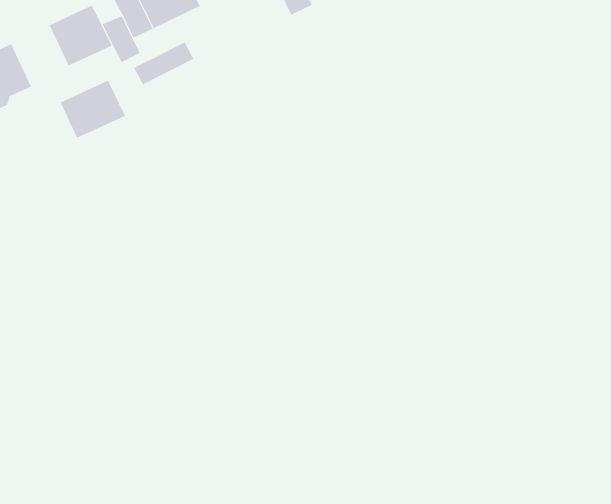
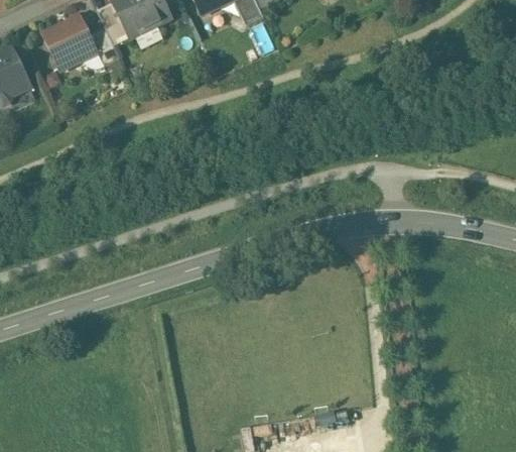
building: [133,42,194,85] -> none
building: [60,80,126,138] -> none

